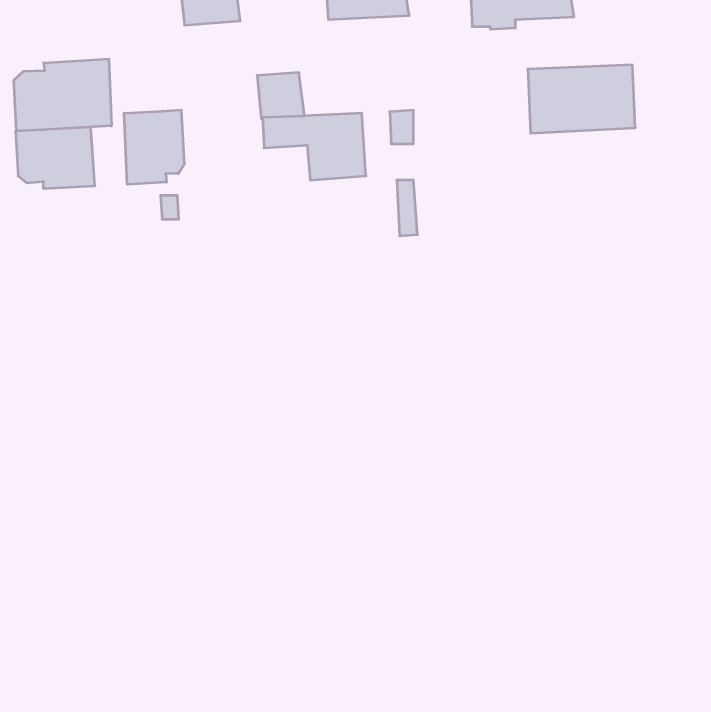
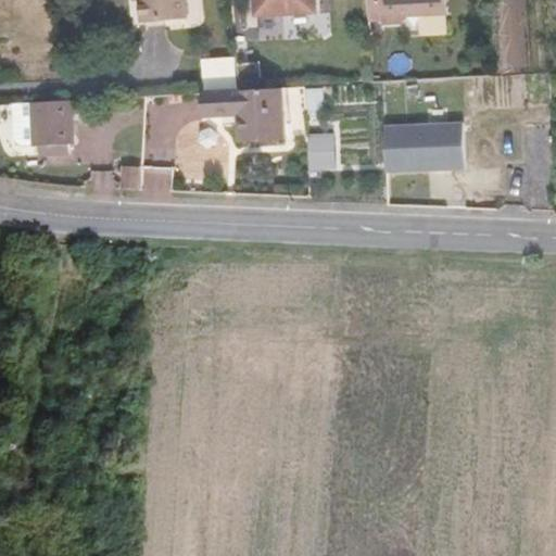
building: [14,59,111,131] -> none
building: [528,65,635,133] -> [382,122,466,175]
building: [124,110,184,184] -> none

